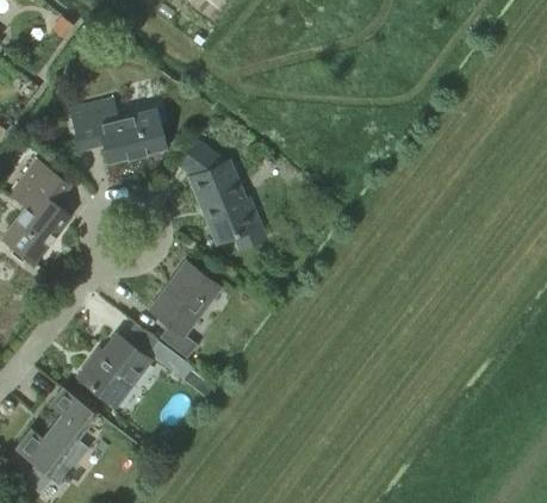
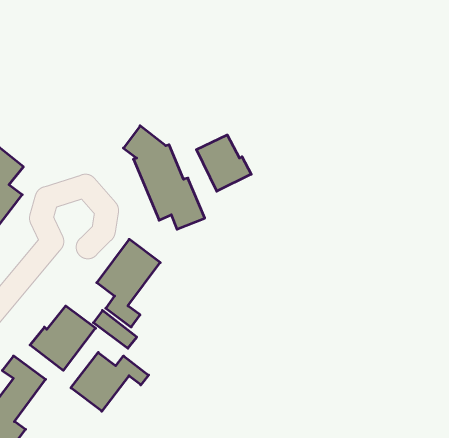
building: [68,98,166,163] -> none
building: none -> [196,135,251,191]
building: none -> [71,352,149,411]

